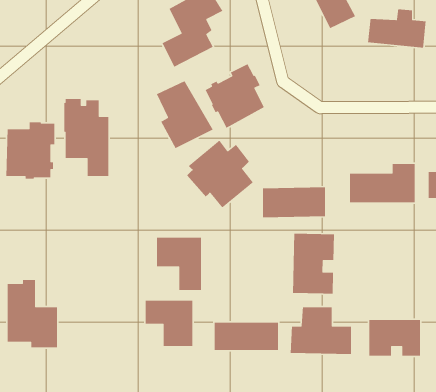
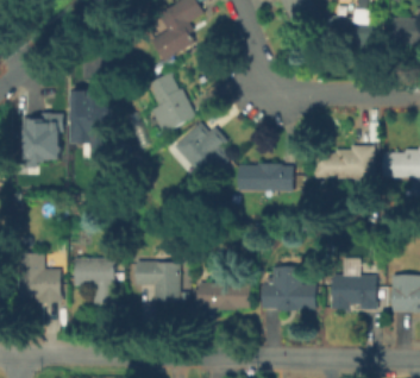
building: [204,63,265,129] -> none
building: [292,233,335,295] -> none
building: [156,237,202,291] -> [75,258,114,304]

